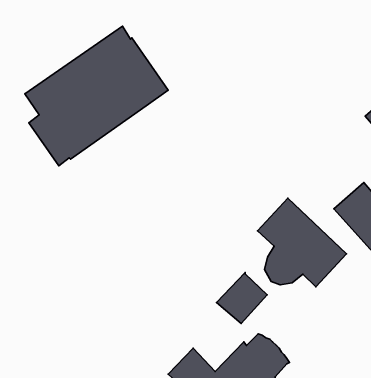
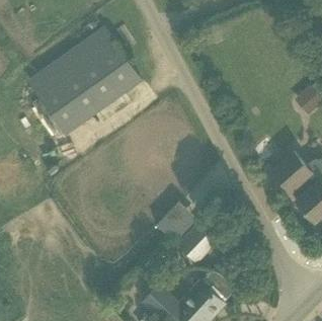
building: [257,198,346,287] -> none
building: none -> [158,198,196,237]

